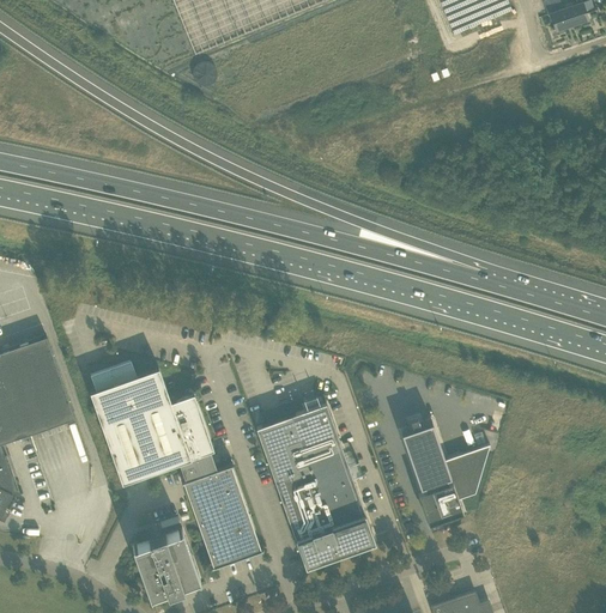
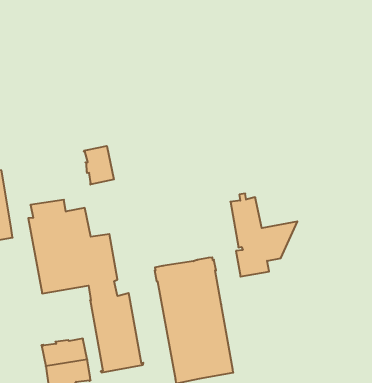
building: none -> [84,146,114,185]
building: [401,421,489,526] -> [230,194,297,277]

